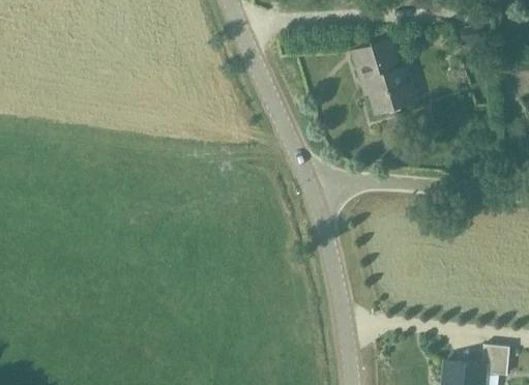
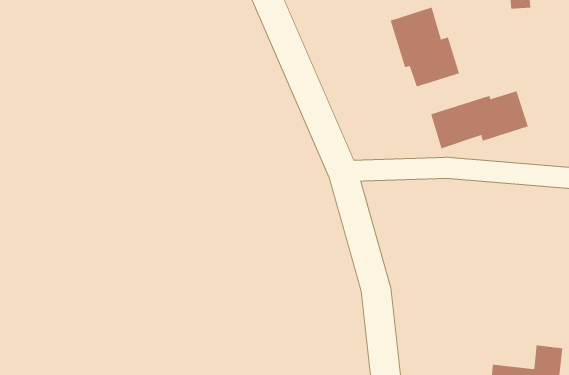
building: none -> [430,91,529,149]

